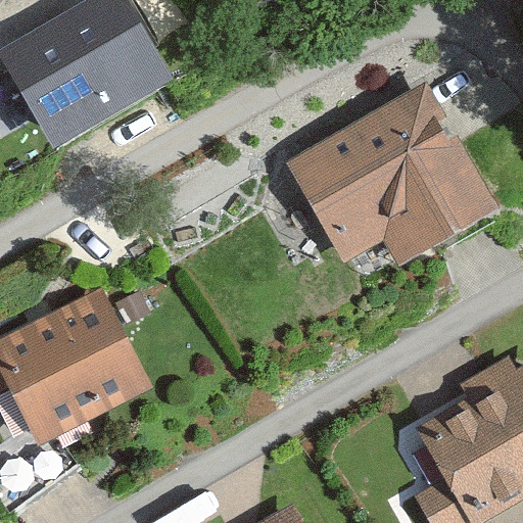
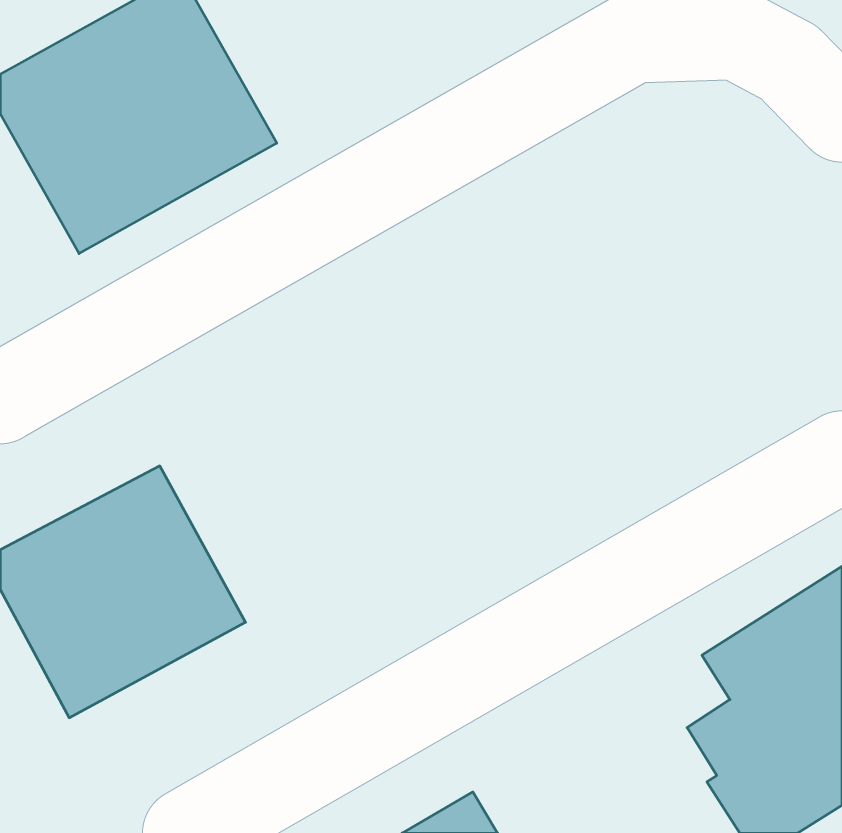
building: [289,83,491,262] -> none

